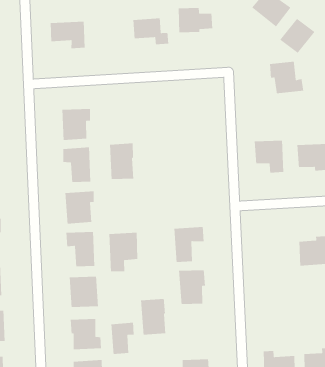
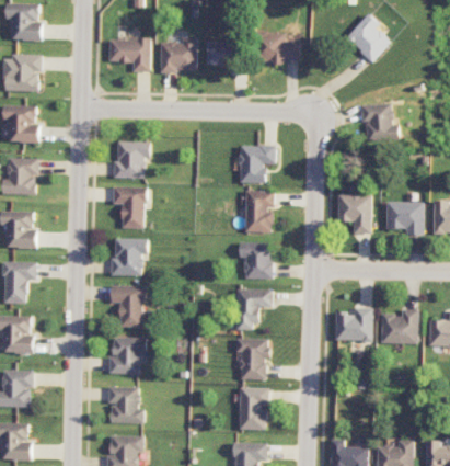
building: none -> [159,36,195,70]
building: [279,18,316,54] -> none
building: none -> [239,145,275,182]
building: [109,142,134,180] -> [244,190,274,232]
building: none -> [239,242,272,279]
building: [109,232,138,272] -> none
building: none -> [334,307,371,340]
building: [140,298,166,335] -> [239,387,267,429]
building: [111,322,134,355] -> none

